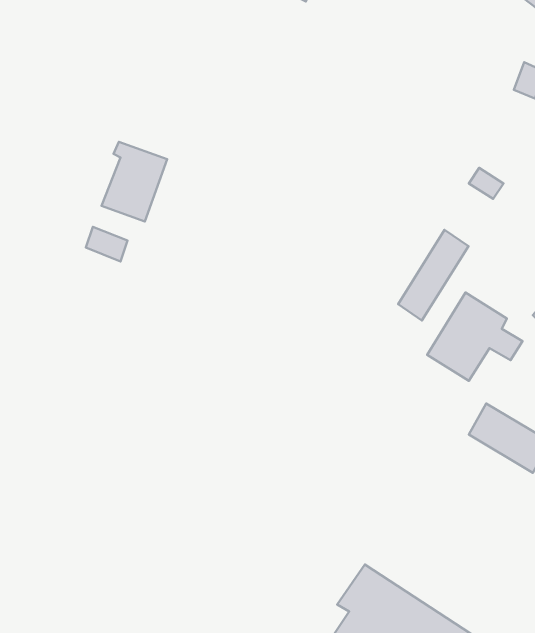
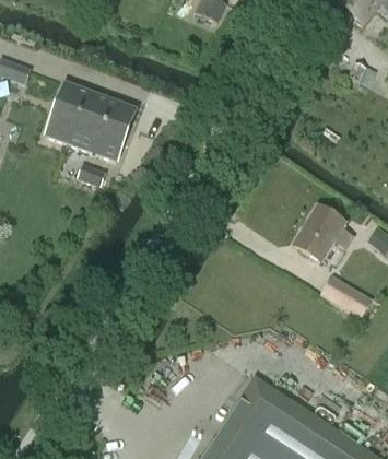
building: none -> [45,82,134,150]
building: [398,230,468,320] -> none

